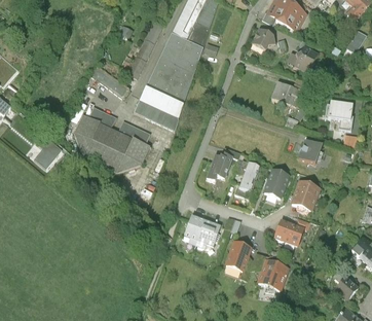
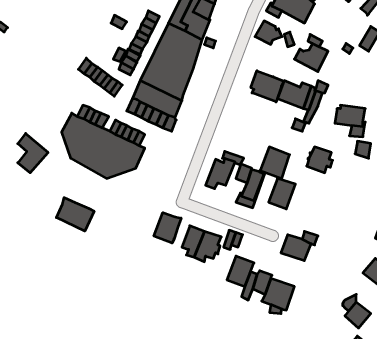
building: none -> [251,71,284,102]
building: [291,182,318,211] -> [260,147,290,178]
building: none -> [56,198,94,231]
building: none -> [154,213,181,243]

